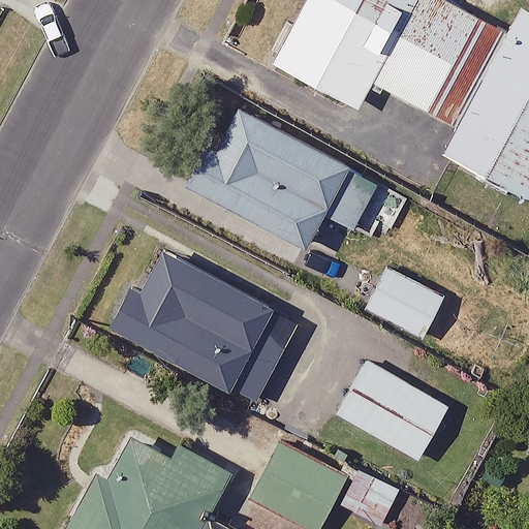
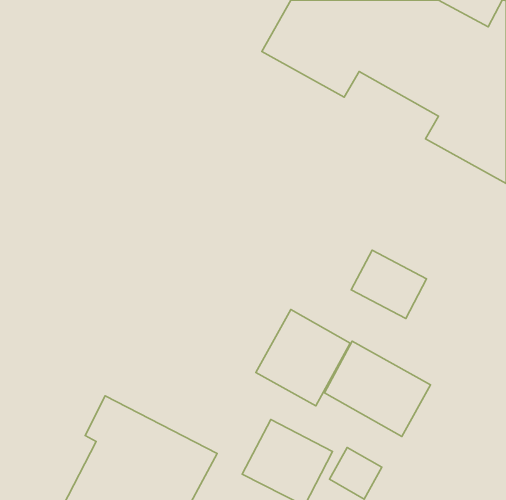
building: [186,104,378,246] -> none
building: [108,241,286,402] -> none
building: none -> [256,310,350,406]

